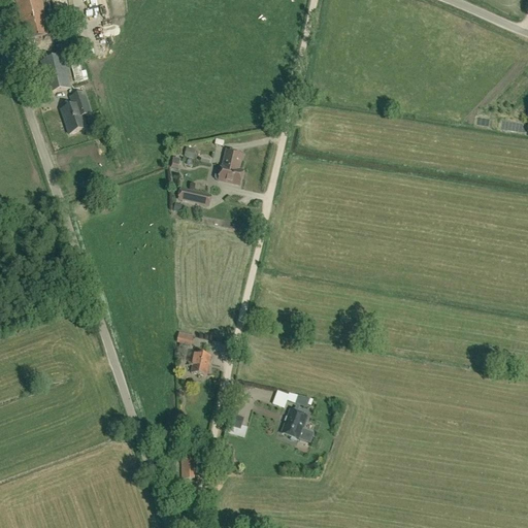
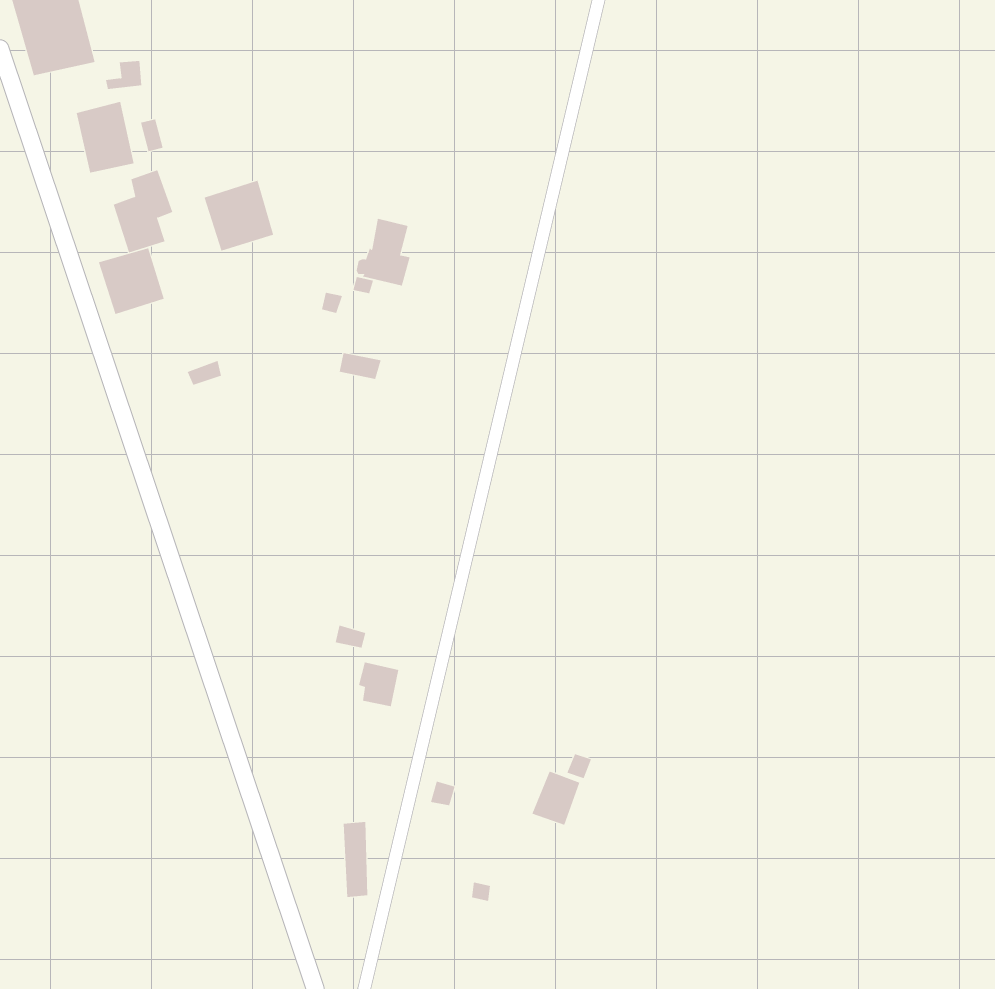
building: none -> [204,180,274,251]
building: none -> [98,248,164,315]
building: [216,147,244,184] -> [356,218,410,286]

